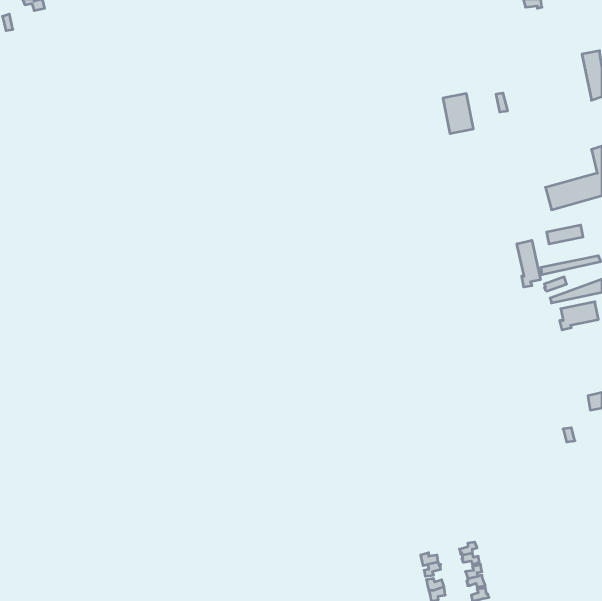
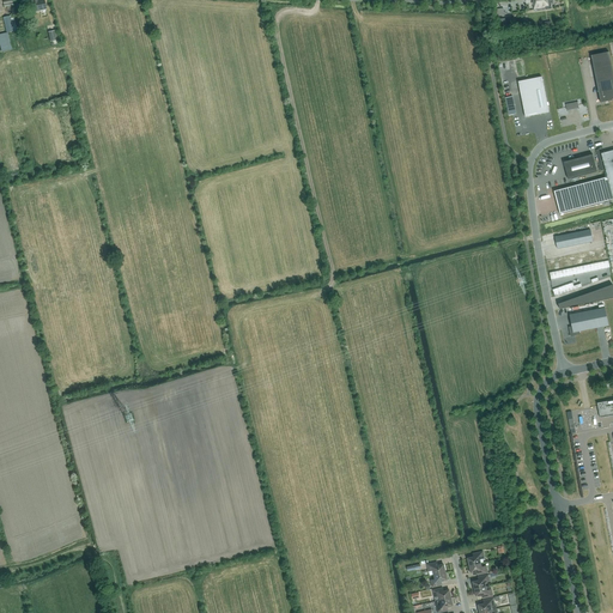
building: [443,94,473,134] -> [518,75,550,116]
building: none -> [564,153,597,178]
building: [517,240,540,287] -> none

